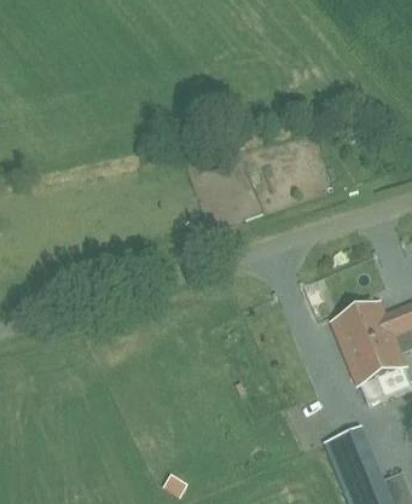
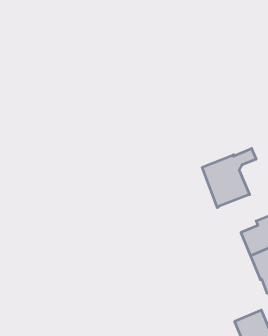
building: none -> [202,148,256,208]

